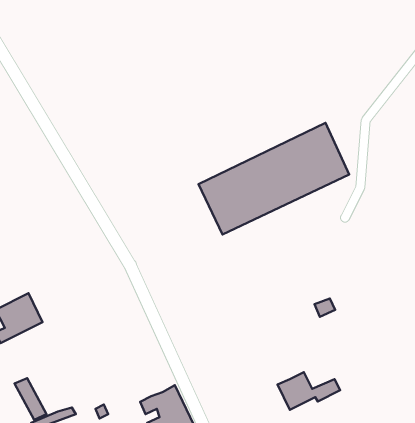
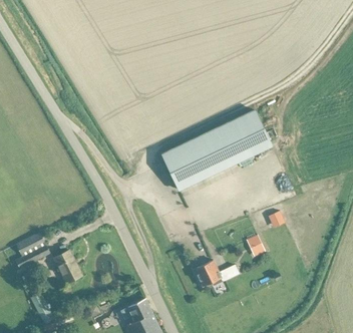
building: none -> [54,250,82,283]
building: [277,372,340,410] -> [194,260,239,287]

